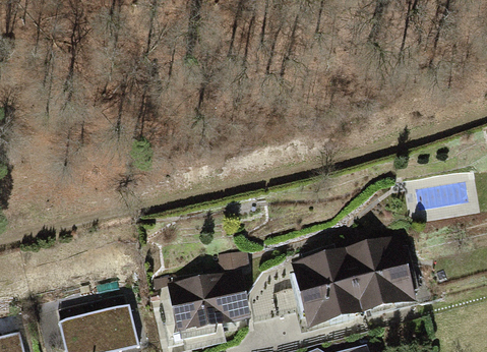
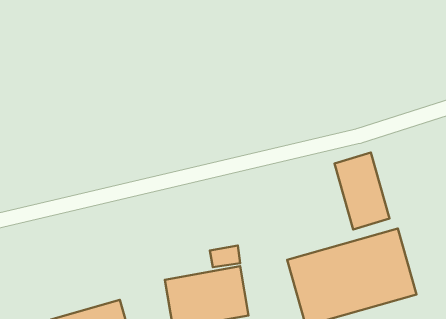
building: none -> [334,153,390,229]

